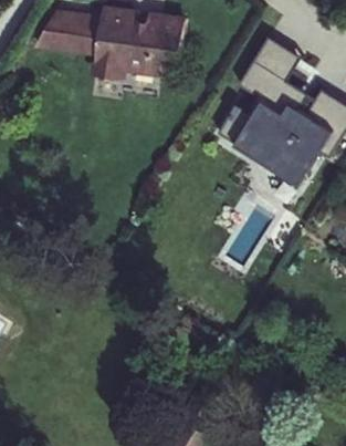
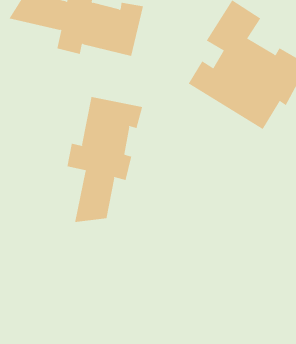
building: none -> [67,96,143,223]

